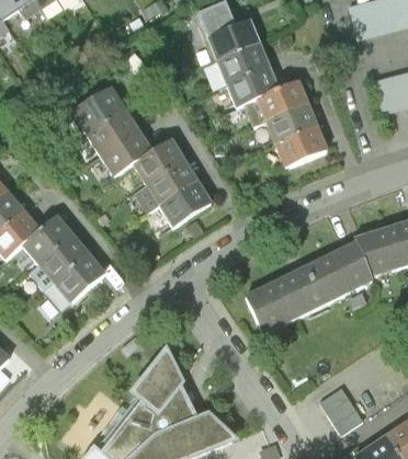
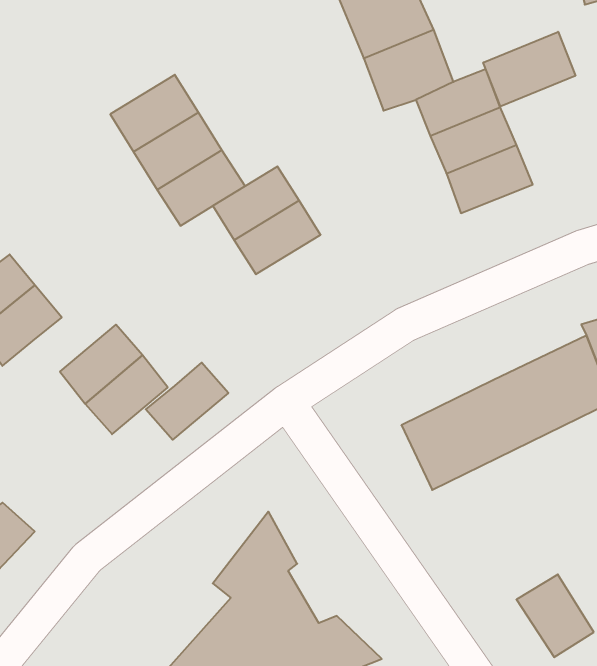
building: none -> [483,32,575,106]
building: [158,180,209,225] -> none
building: [22,216,72,263] -> [146,363,228,440]

